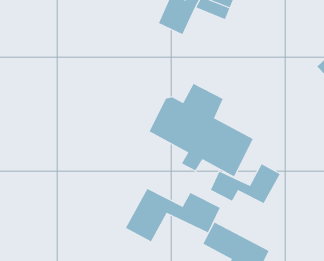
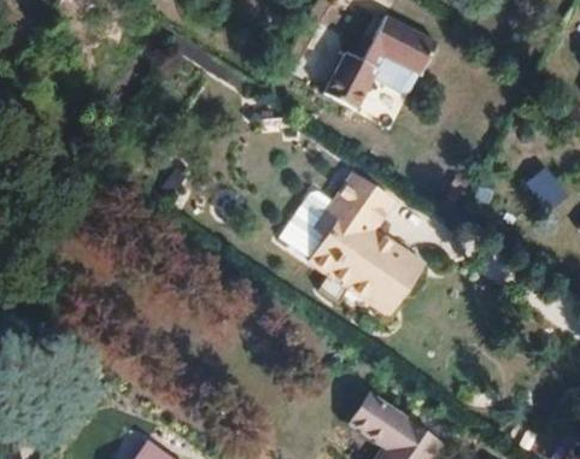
building: [210,164,281,204] -> none
building: [125,188,221,242] -> none

